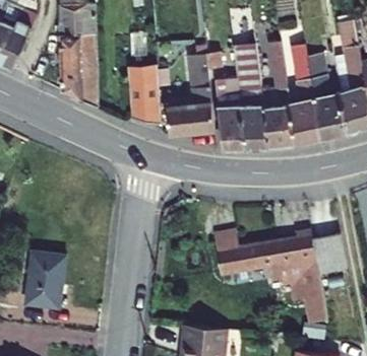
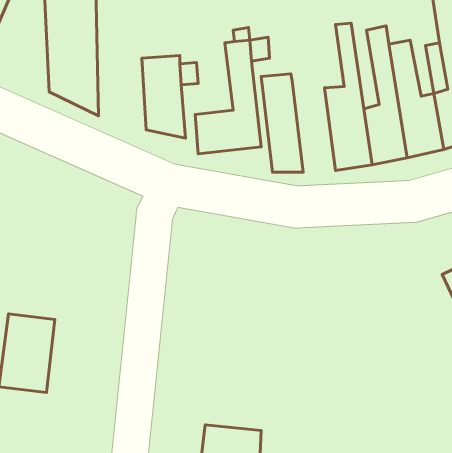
building: [235,44,270,148] -> none
building: [202,229,329,333] -> none

